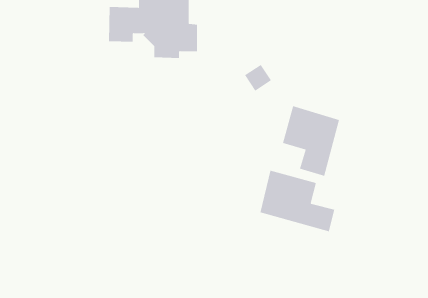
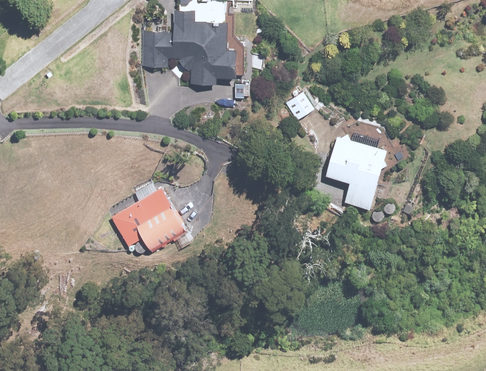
building: none -> [111,187,186,252]
building: [260,170,335,232] -> none

